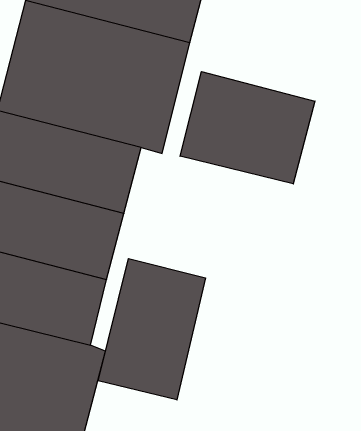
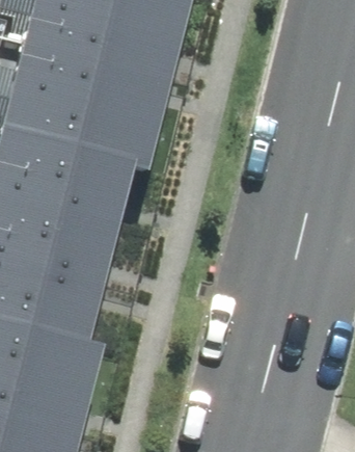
building: [180,72,315,184] -> none
building: [98,259,205,400] -> none

